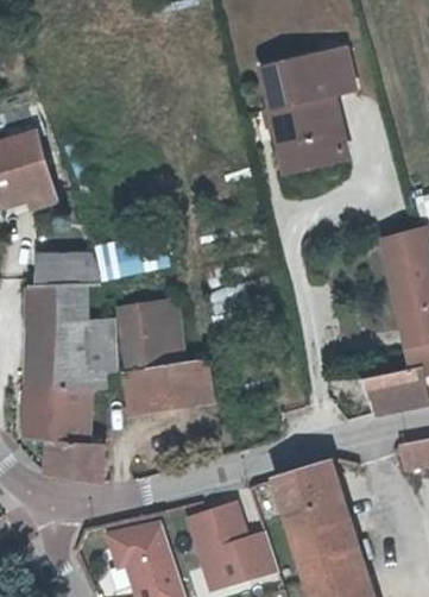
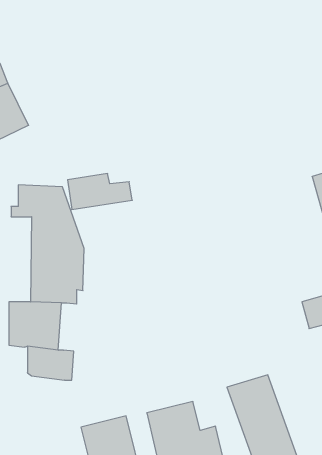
building: [258,50,352,174] -> none
building: [26,285,52,384] -> none
building: [121,301,221,415] -> none

